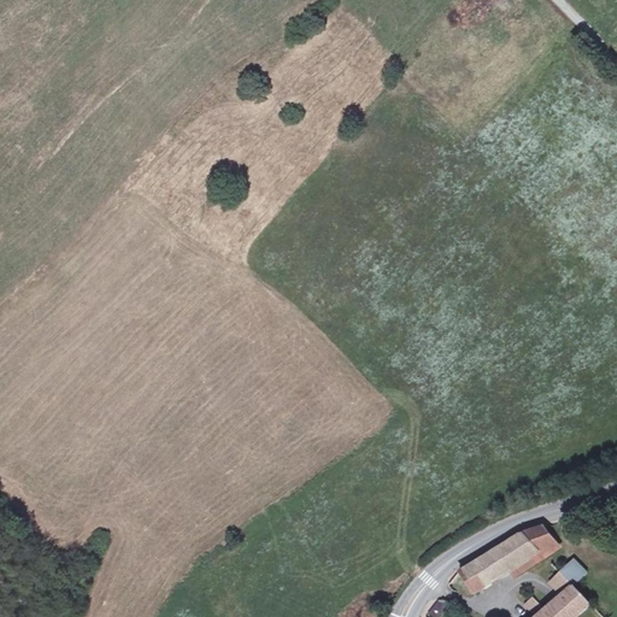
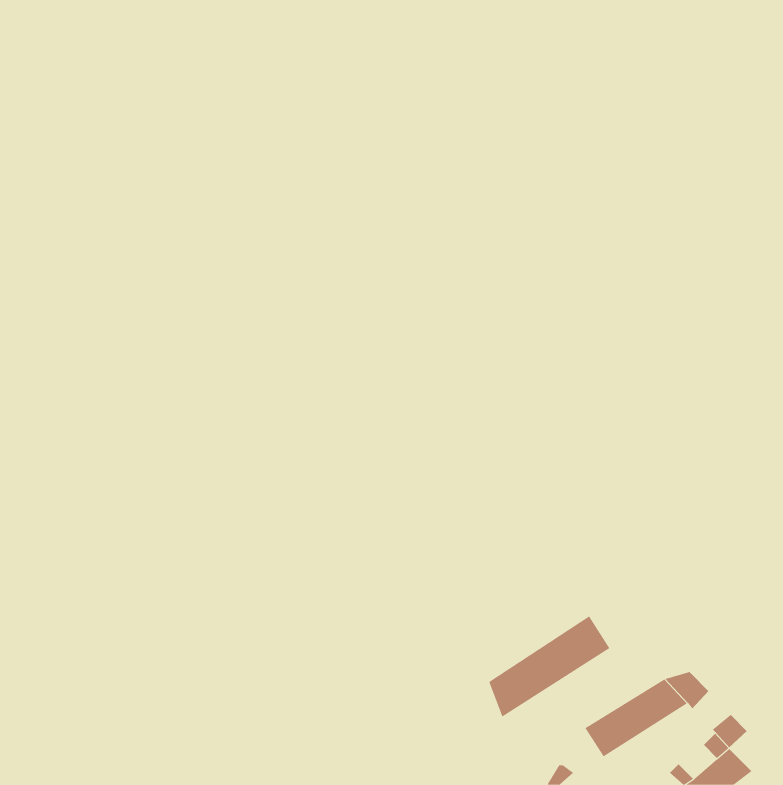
building: none -> [489,615,610,717]

